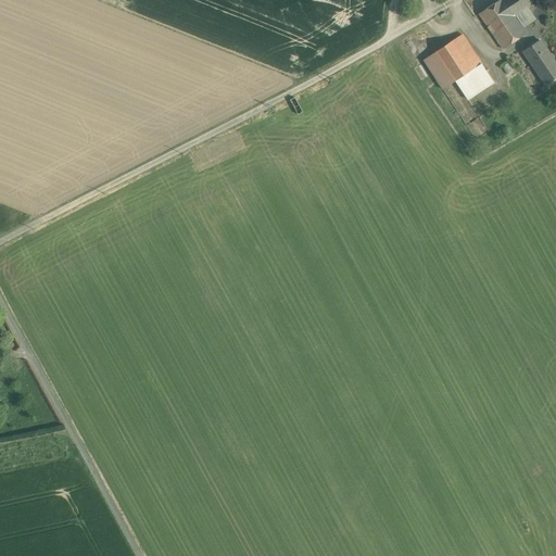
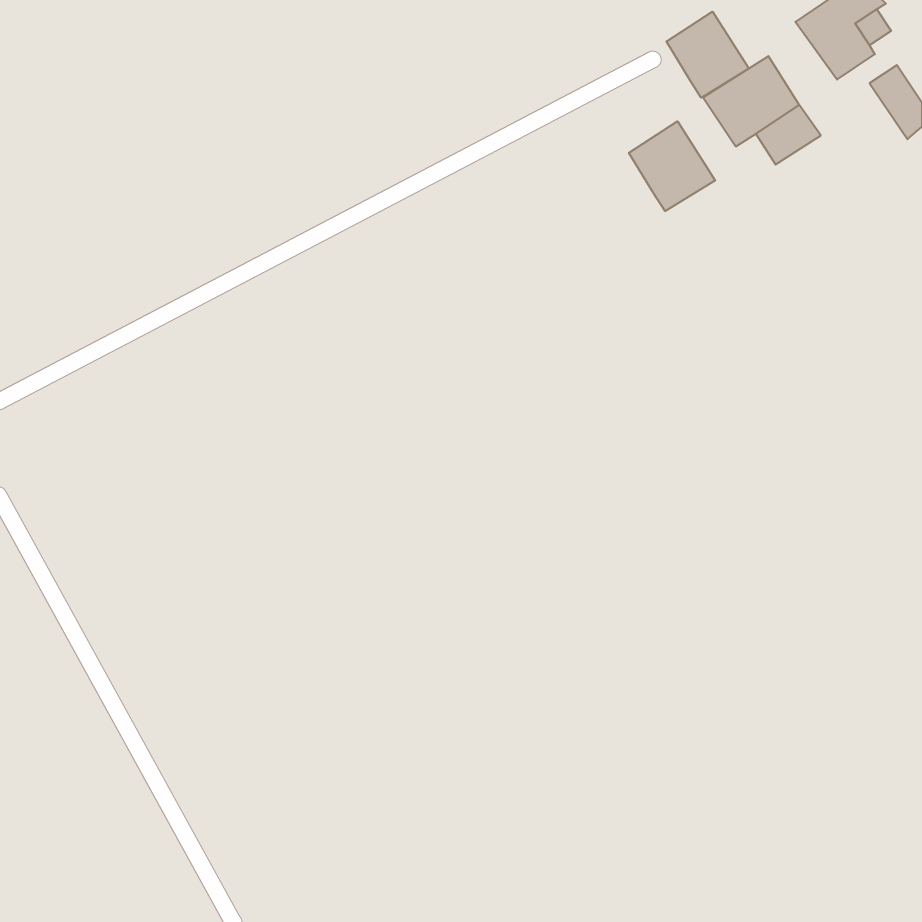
building: none -> [666,12,749,98]
building: none -> [629,121,715,211]

